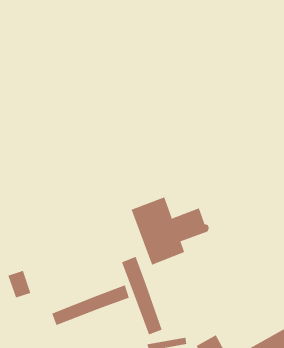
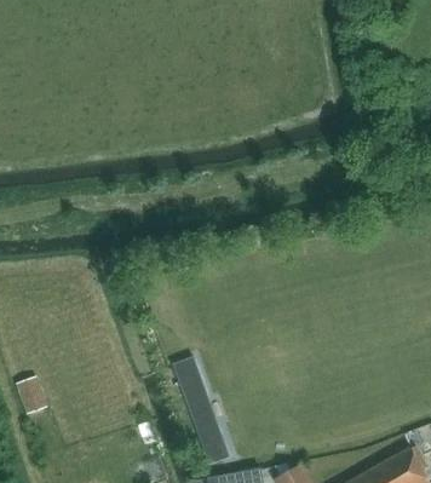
building: [131,197,209,266] -> none
building: [51,285,130,326] -> none

